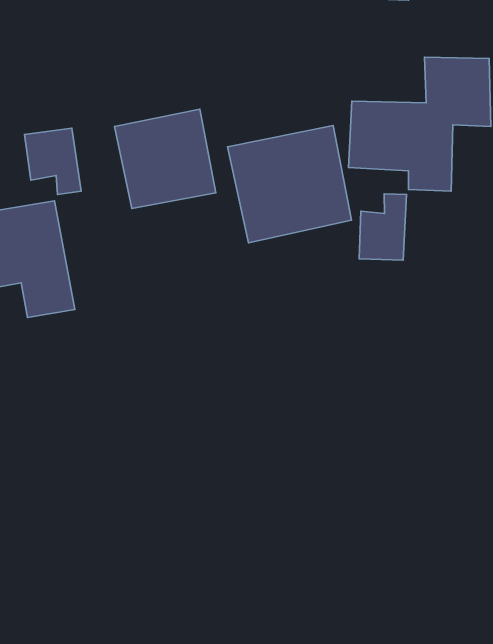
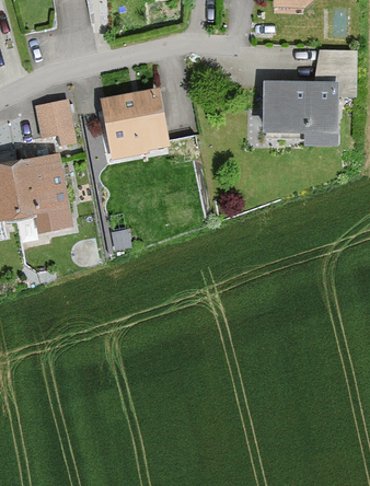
building: [228,126,352,243] -> none
building: [359,194,406,260] -> none

